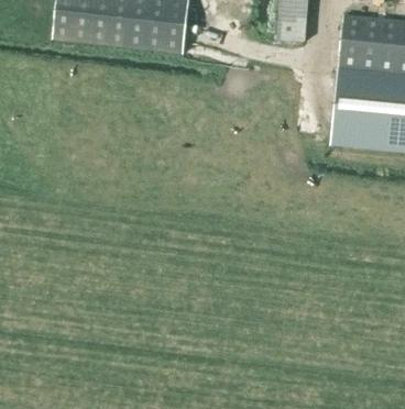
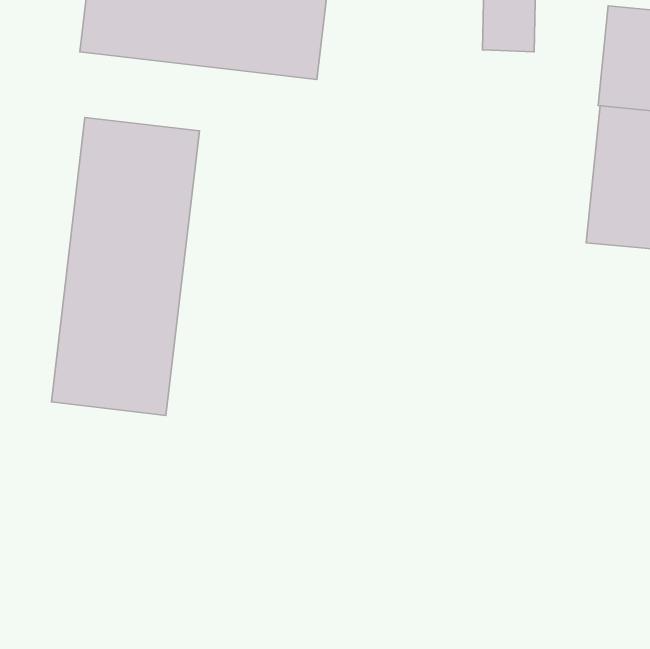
building: none -> [51,117,199,415]

